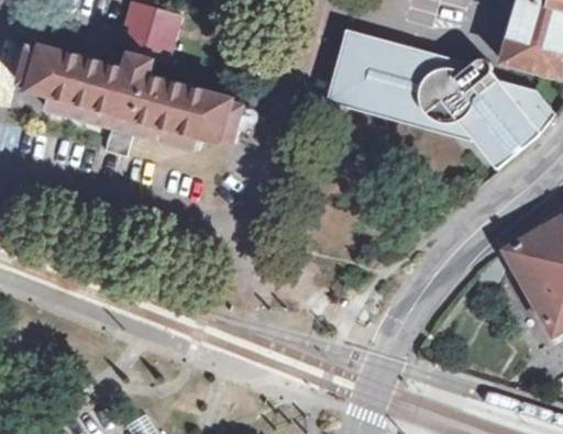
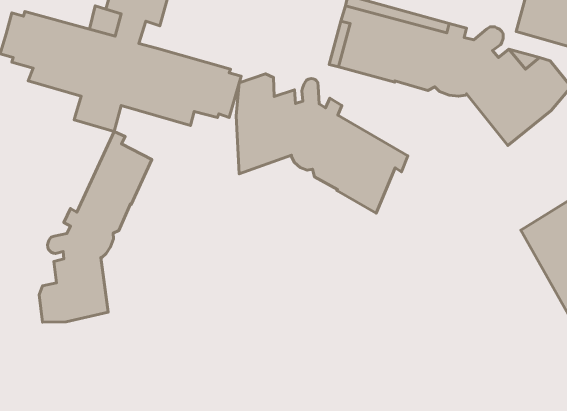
building: none -> [236,74,408,213]
building: none -> [39,131,152,322]

